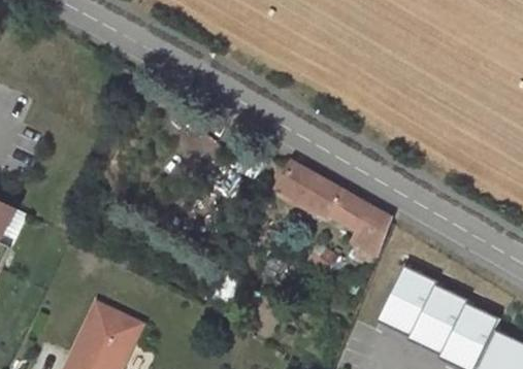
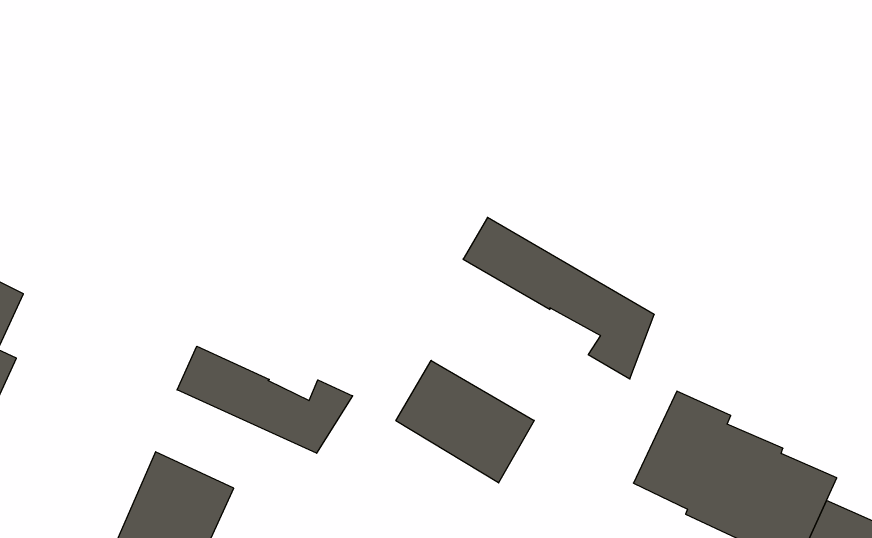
building: none -> [177,346,353,453]
building: none -> [396,360,534,483]

